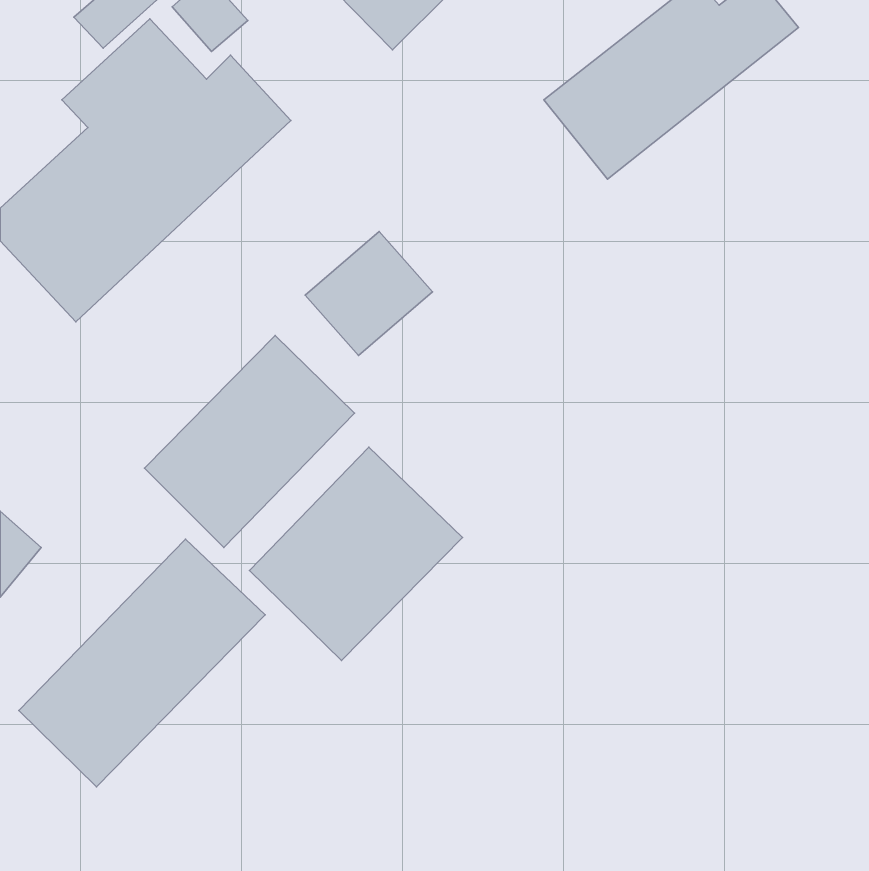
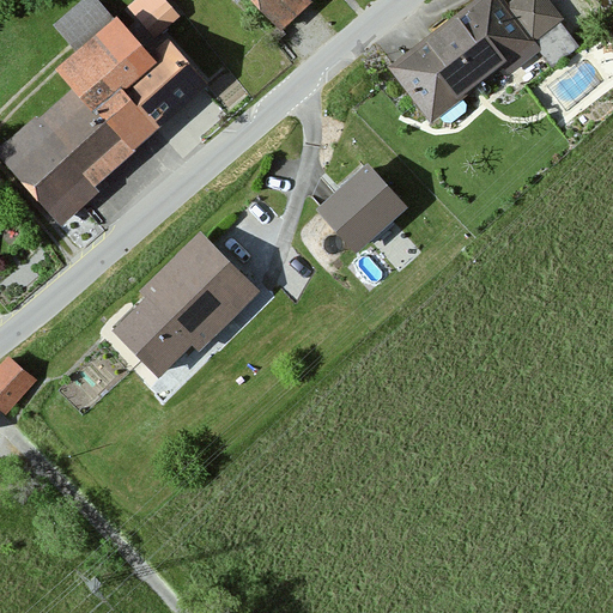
building: [305,231,433,355] -> [320,163,408,249]
building: [249,447,462,660] -> none
building: [19,539,265,787] -> none

